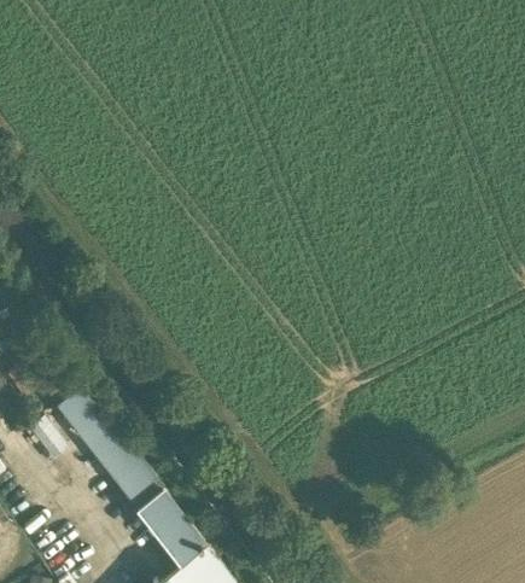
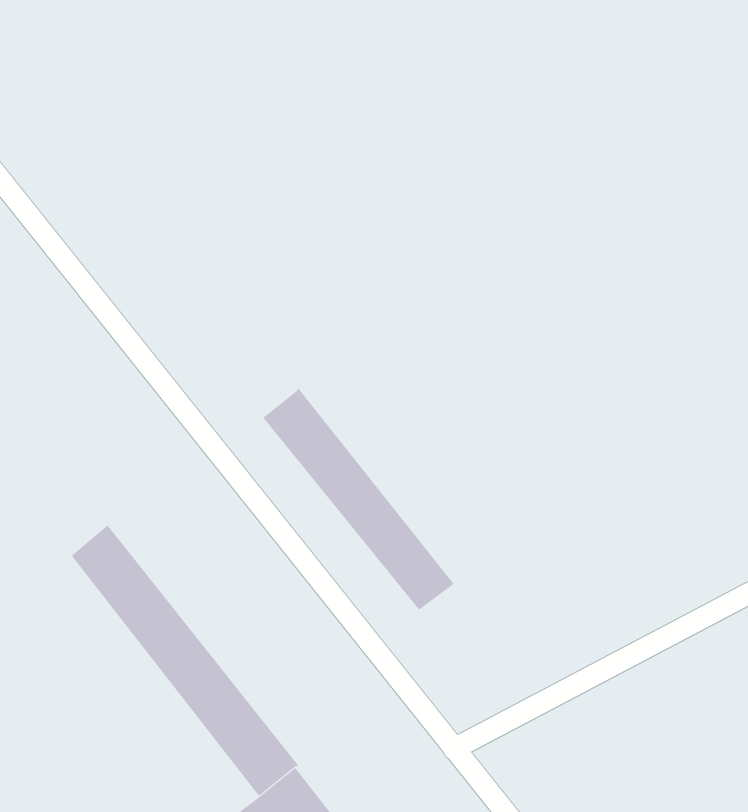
building: none -> [262,388,455,611]

